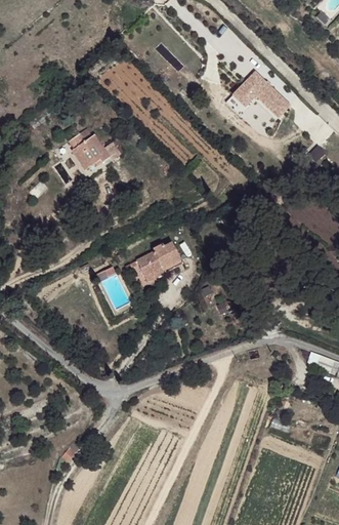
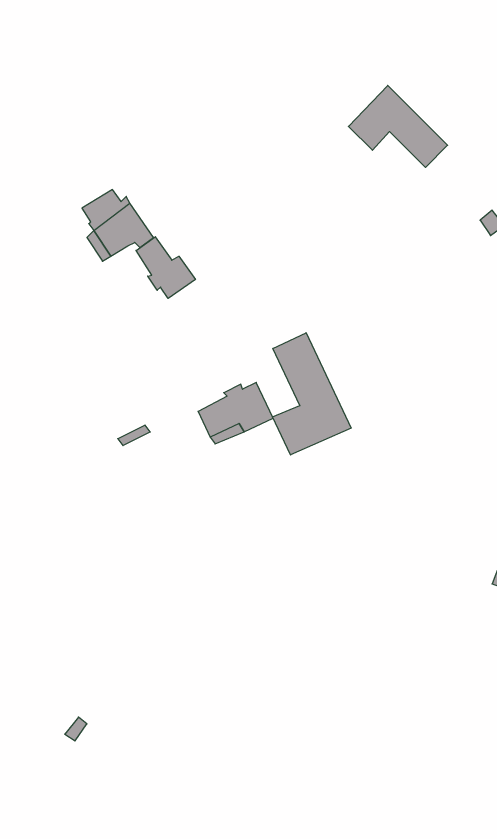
building: none -> [136,237,195,298]
building: none -> [273,333,351,455]

